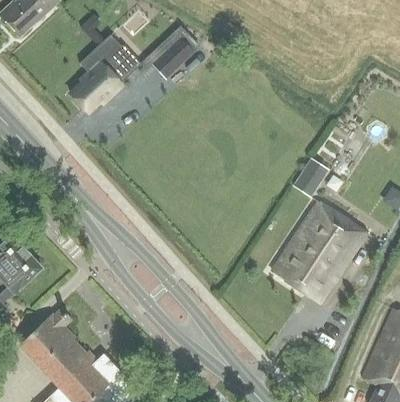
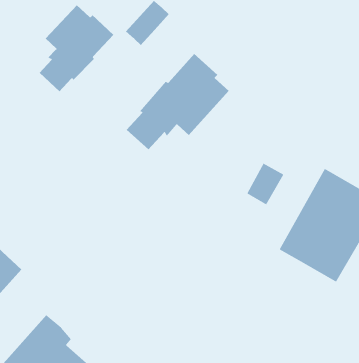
building: none -> [126,53,230,150]
building: [293,158,328,196] -> [247,163,284,205]

